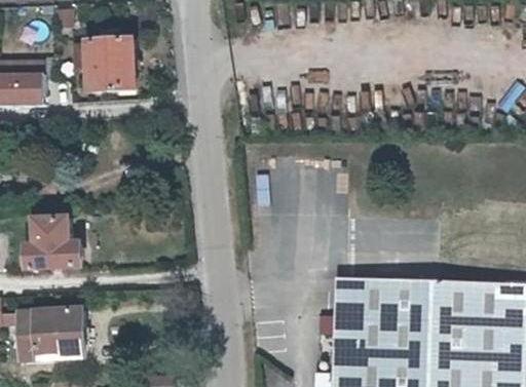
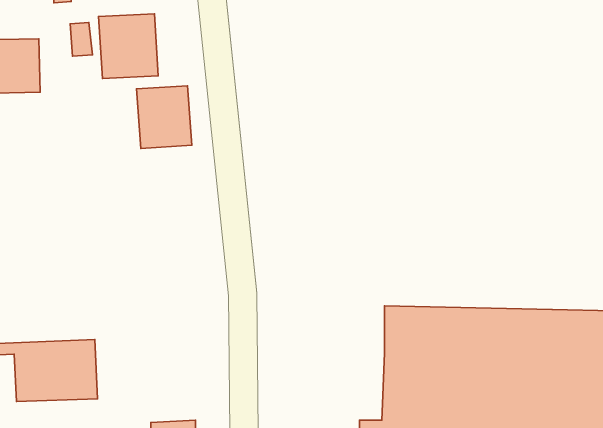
building: none -> [137,86,192,148]
building: [29,219,81,270] -> none

